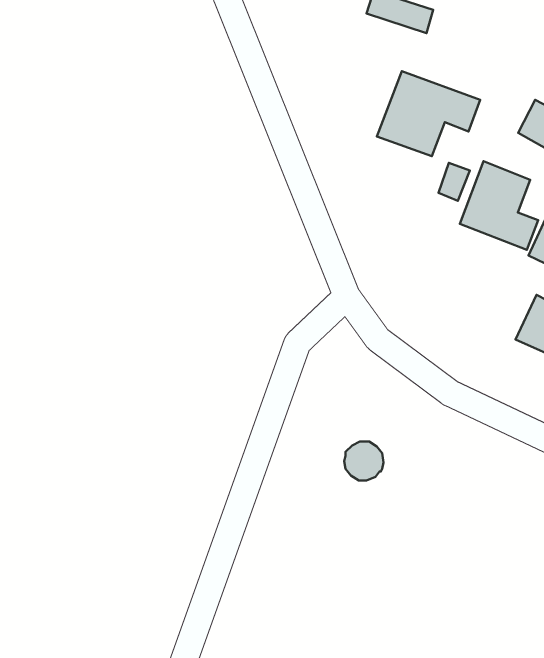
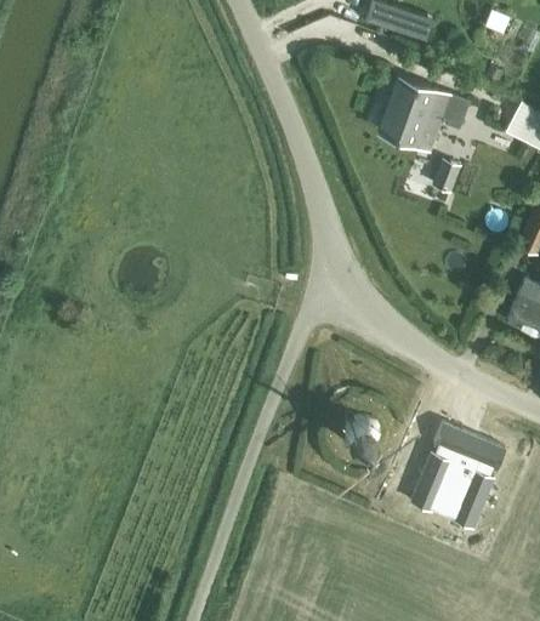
building: [460,161,538,250] -> none
building: none -> [411,425,507,529]

